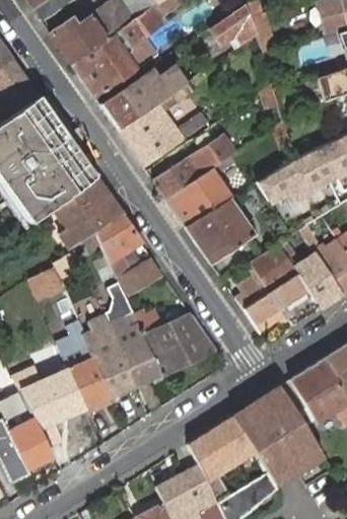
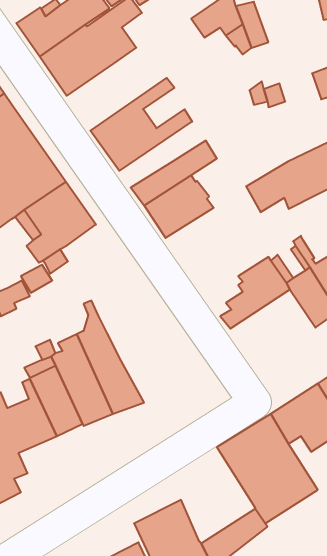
building: [100,64,199,130] -> none
building: [186,200,255,264] -> none
building: [97,215,142,268] -> none
building: [118,256,164,297] -> none
building: [245,274,322,331] -> none
building: [133,307,220,376] -> none
building: [190,417,267,502] -> none

